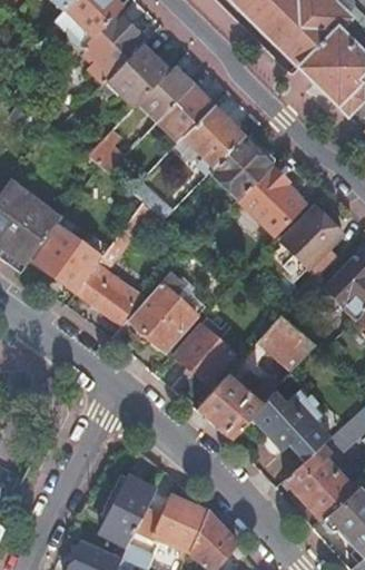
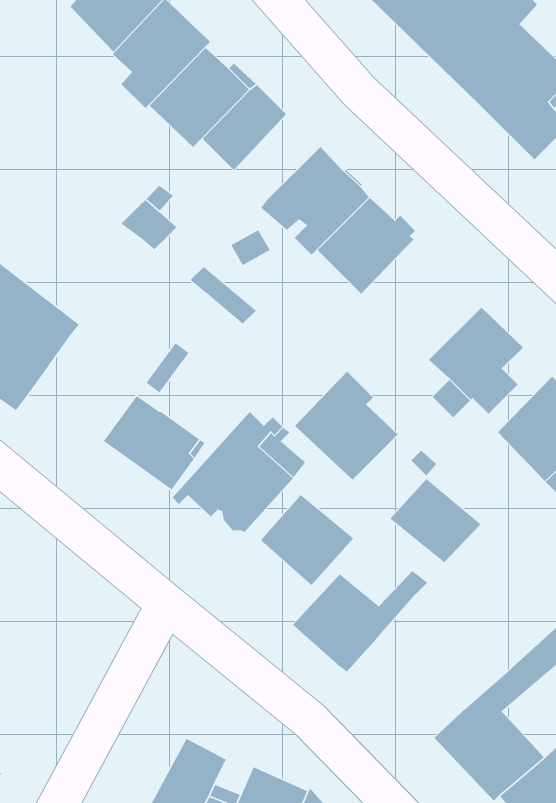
building: [159,87,214,141] -> none
building: [239,166,305,235] -> [294,371,399,480]
building: [32,226,101,293] -> none
building: [249,386,332,461] -> none

